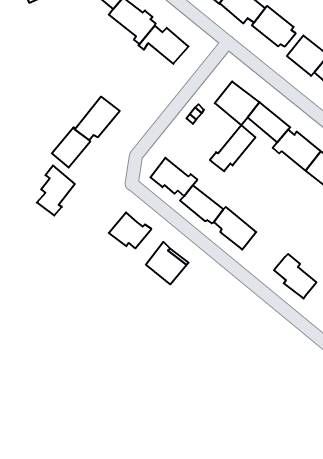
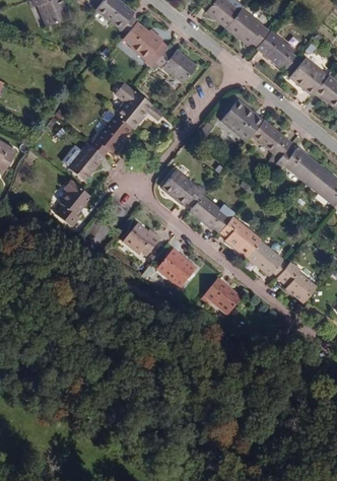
building: none -> [116,90,164,130]
building: [210,125,255,171] -> none
building: none -> [247,242,286,276]
building: none -> [202,277,243,316]

